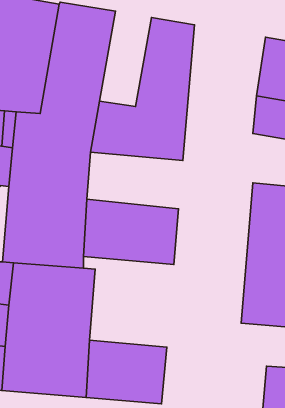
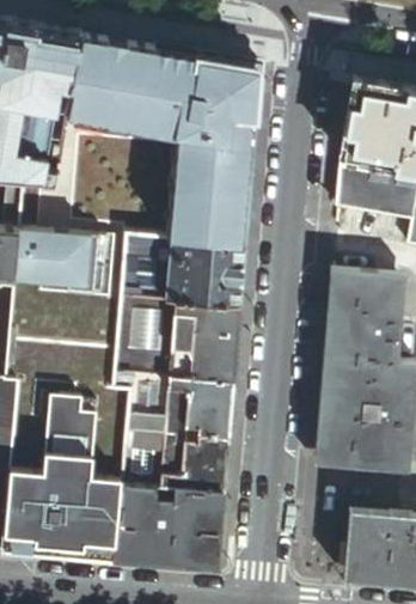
building: none -> [134,50,203,177]
building: none -> [117,238,245,313]
building: none -> [112,377,233,498]

